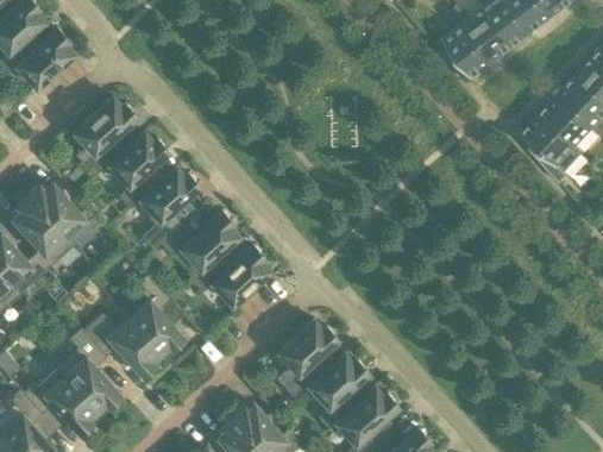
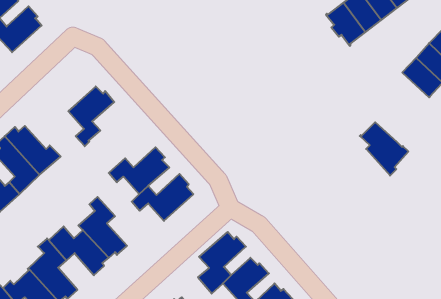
building: [74,98,137,177] -> none
building: [520,114,583,183] -> [360,122,408,176]
building: [134,167,200,250] -> none

